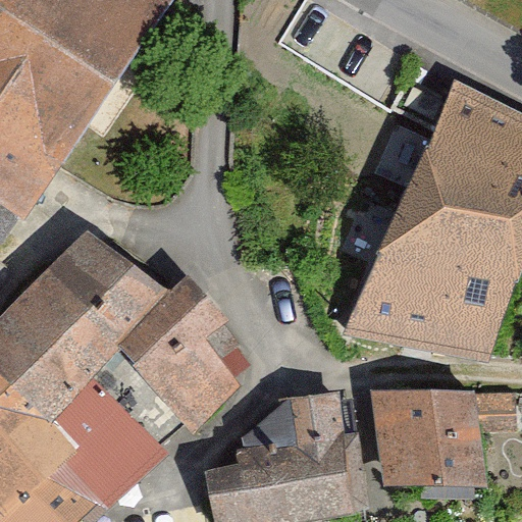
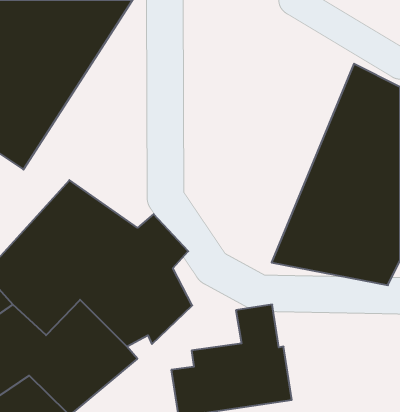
building: [385,383,498,484] -> none

